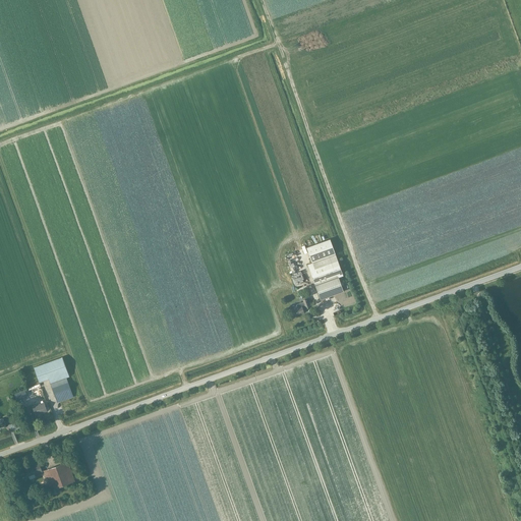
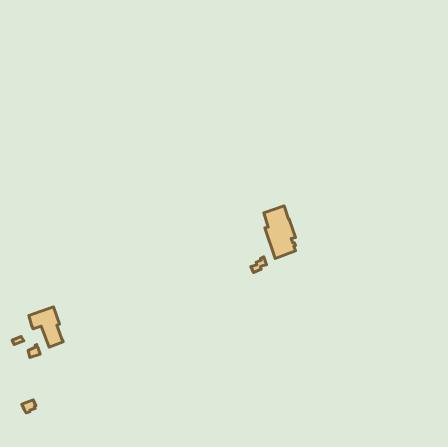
building: [44,463,74,490] -> none

